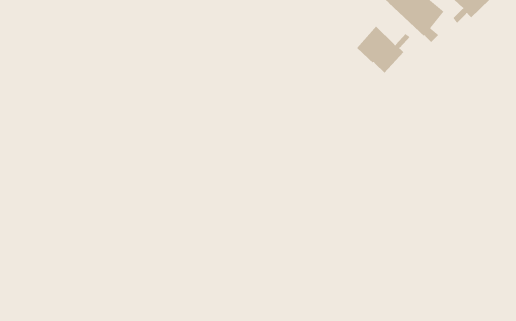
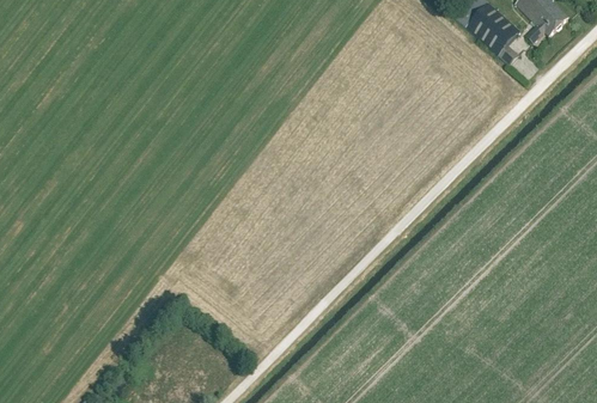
building: [356,25,411,73] -> none

